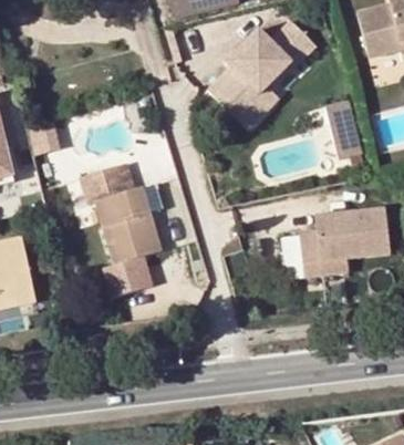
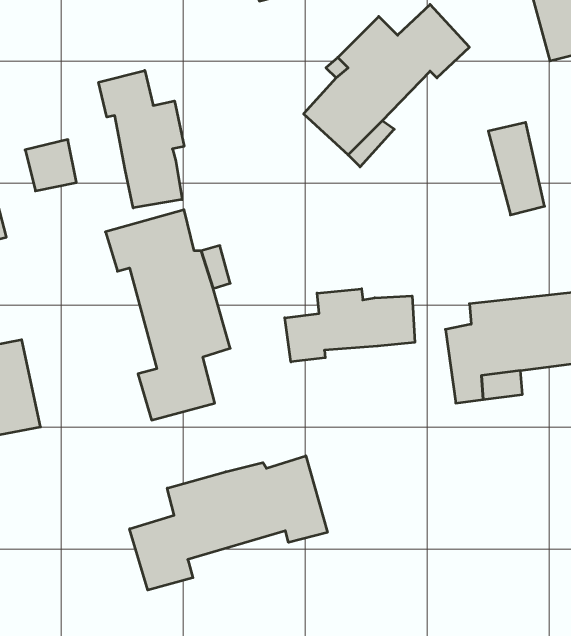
building: none -> [99,70,184,208]
building: none -> [285,289,415,362]
building: none -> [130,456,327,590]

